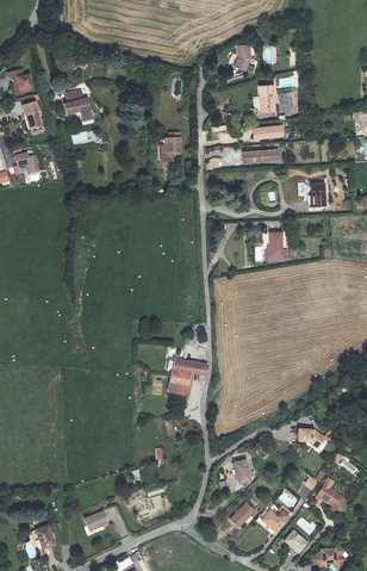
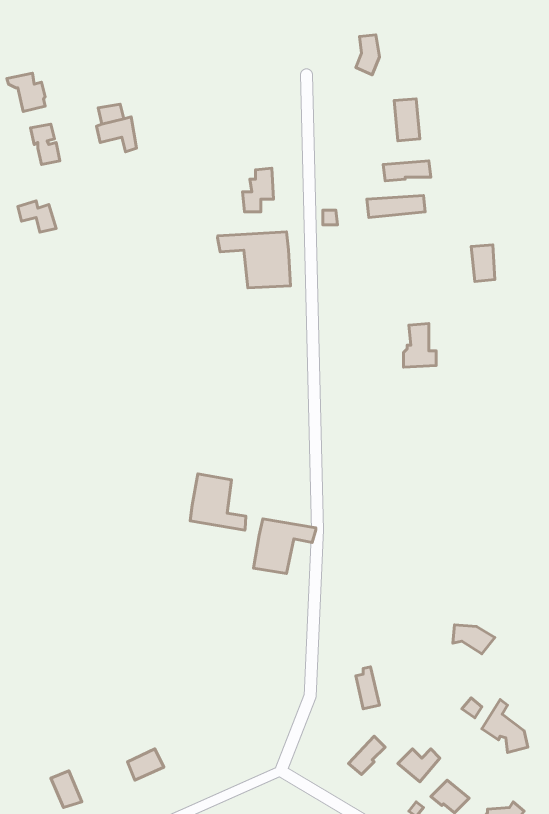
building: none -> [217,232,290,288]
building: none -> [190,474,246,530]

